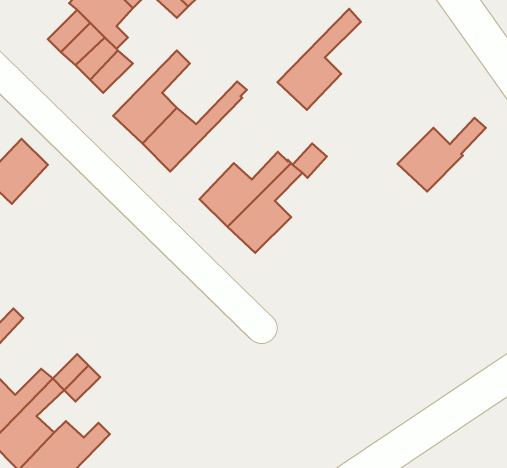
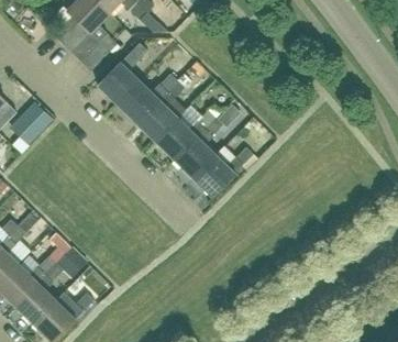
building: [277,9,361,110] -> [135,74,191,142]
building: [398,118,486,191] -> [192,147,252,197]

